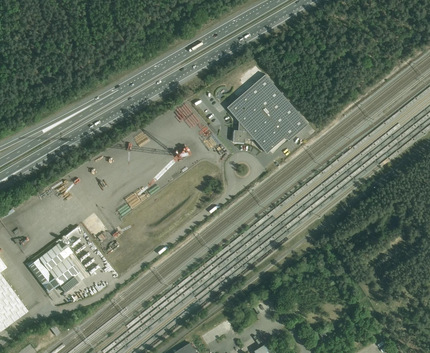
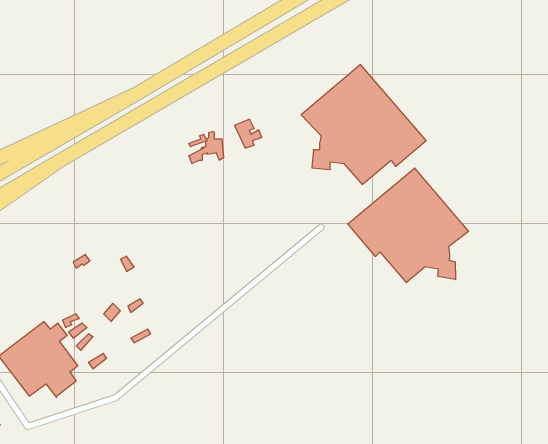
building: none -> [348,168,469,283]

